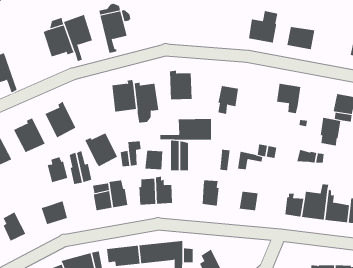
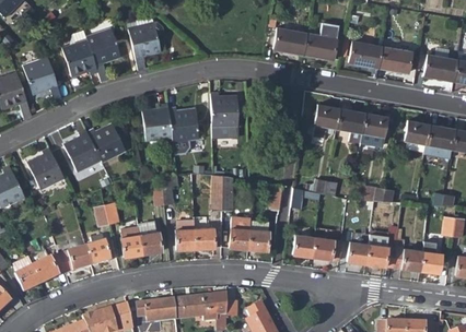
building: none -> [273,26,306,55]
building: none -> [377,45,411,72]
building: none -> [22,56,62,104]
building: [217,86,239,114] -> [314,104,339,138]
building: [320,117,341,146] -> [362,111,387,145]
building: [160,118,211,140] -> none
building: [84,133,118,167] -> [86,122,126,163]
building: [145,150,163,170] -> [228,226,249,249]
building: [47,157,68,183] -> [85,235,110,265]
building: none -> [312,236,342,261]
building: none -> [32,253,66,284]

